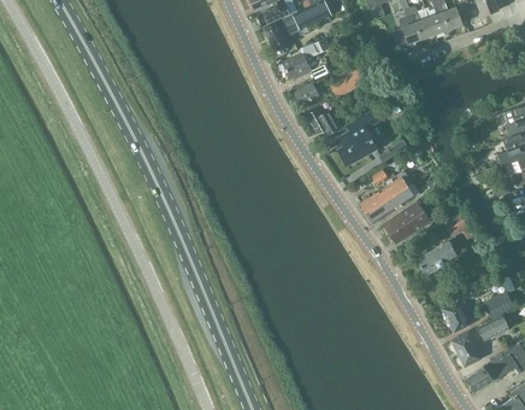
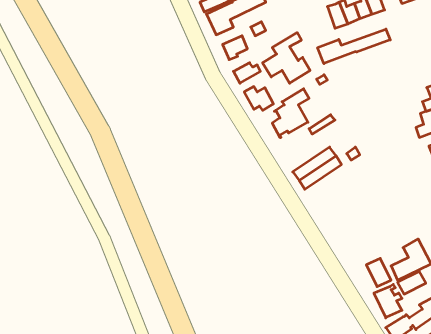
building: none -> [318,29,390,64]
building: [384,200,431,244] -> none
building: [417,240,458,274] -> none

